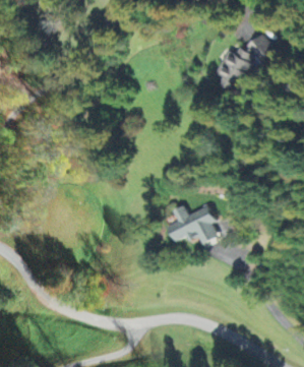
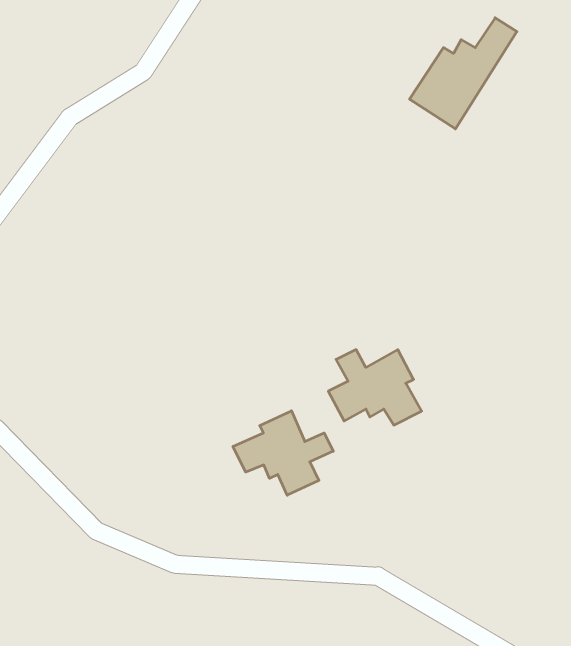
building: none -> [233,411,333,495]

